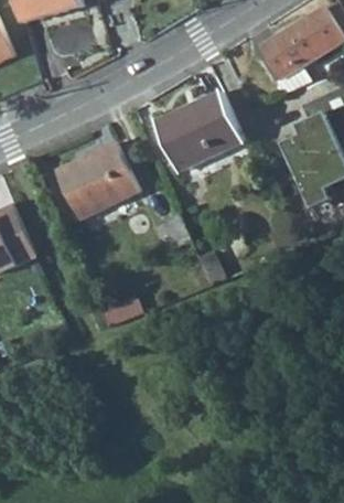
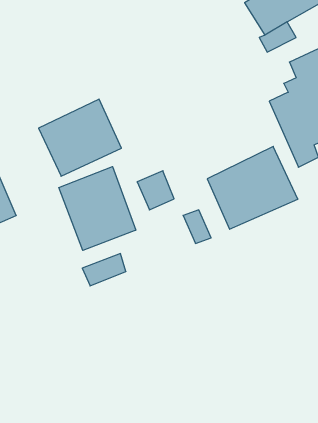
building: [153,89,243,171] -> [207,146,298,229]
building: none -> [59,167,136,250]

